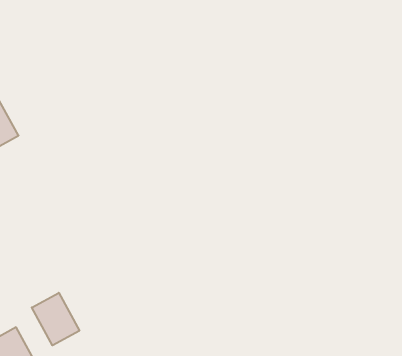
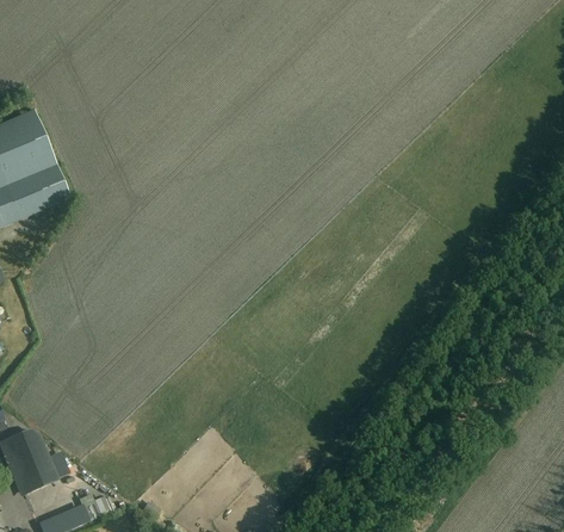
building: [32,293,79,345] -> none

